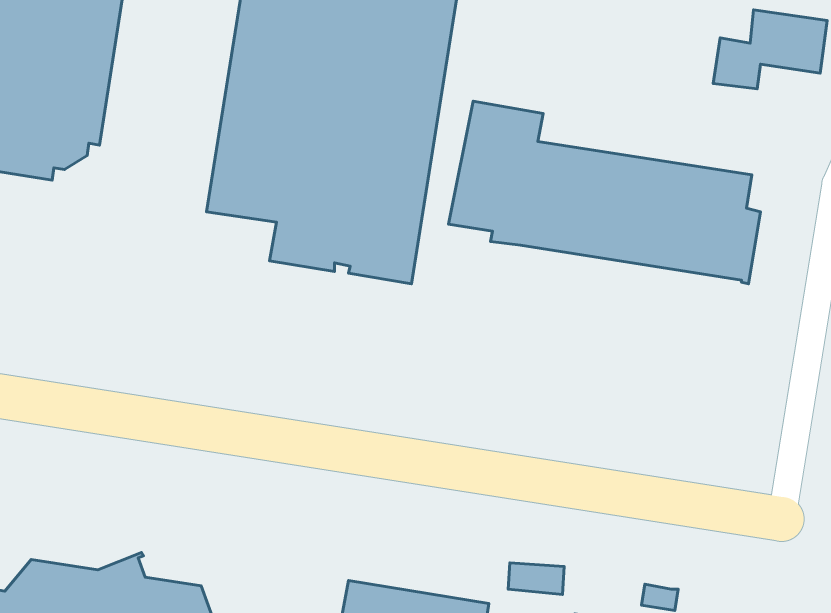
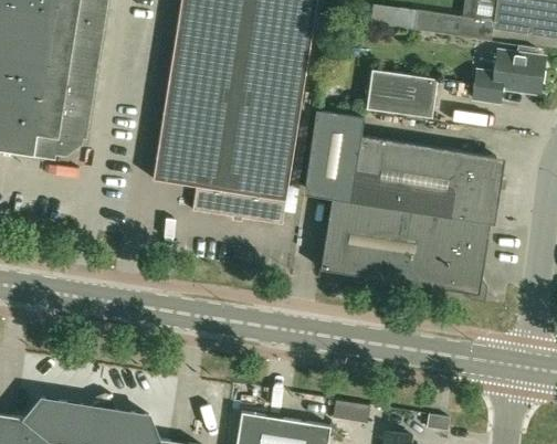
building: none -> [360,68,438,117]
building: none -> [320,198,490,299]

